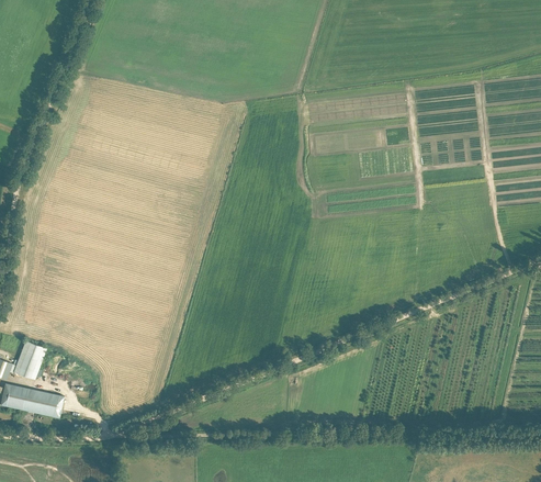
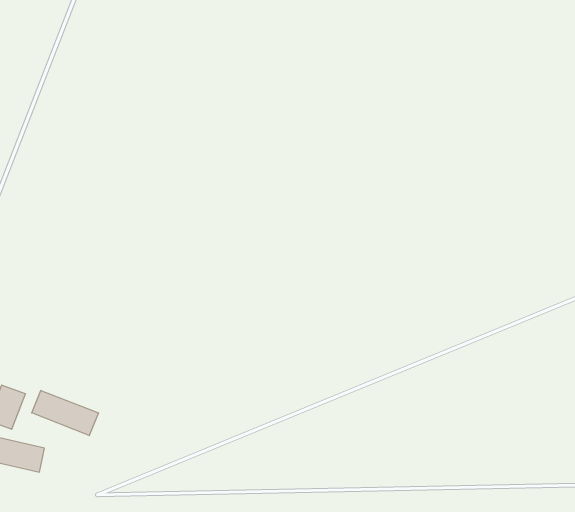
building: none -> [32,390,98,436]

